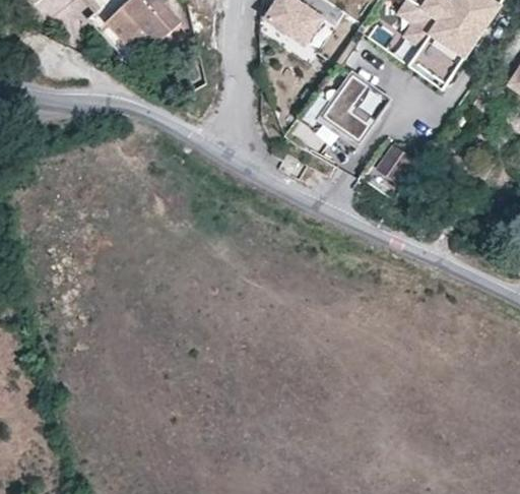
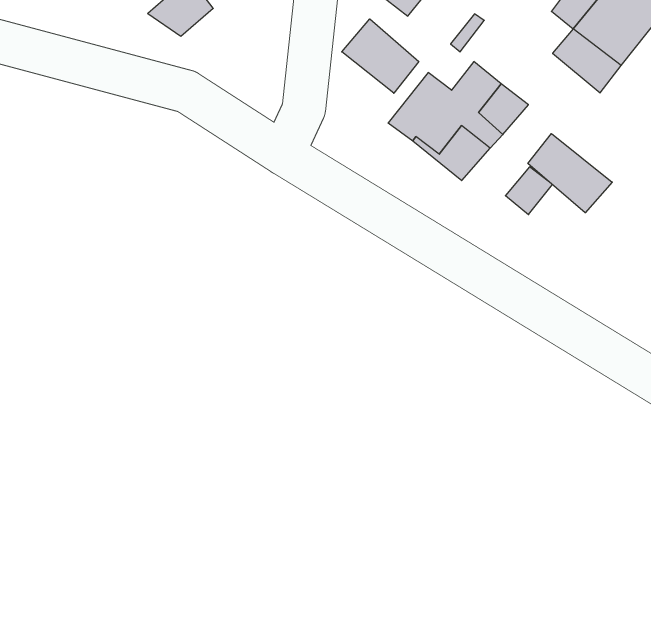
building: none -> [342,19,419,93]
building: none -> [528,134,612,213]

